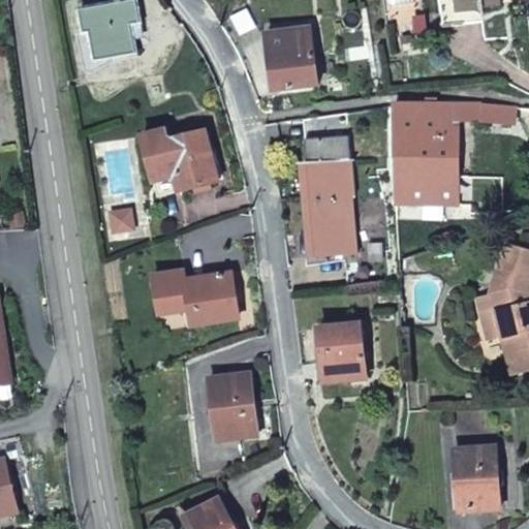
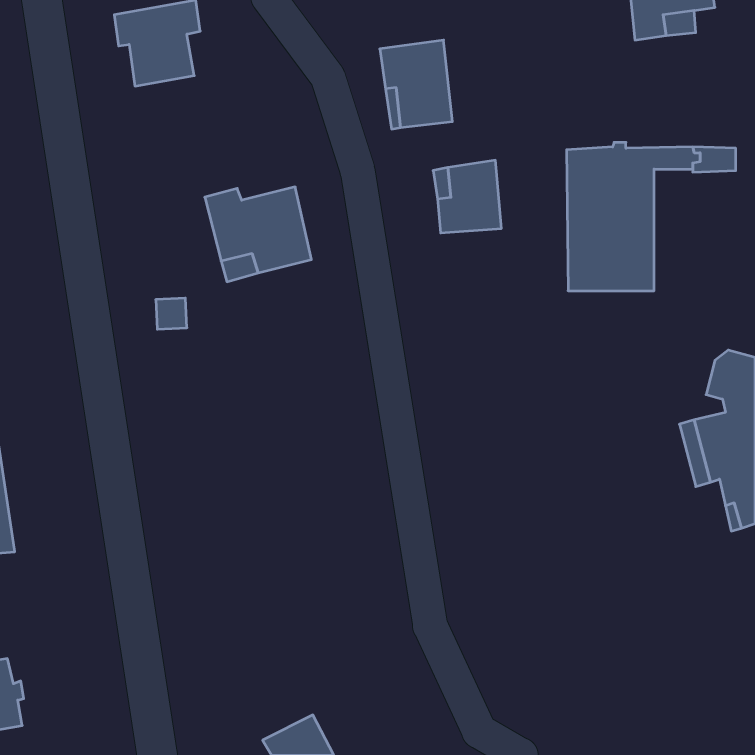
building: [307,159,355,255] -> none
building: [153,270,238,323] -> none
building: [319,325,365,381] -> none
building: [209,373,256,439] -> none
building: [455,447,500,511] -> none

